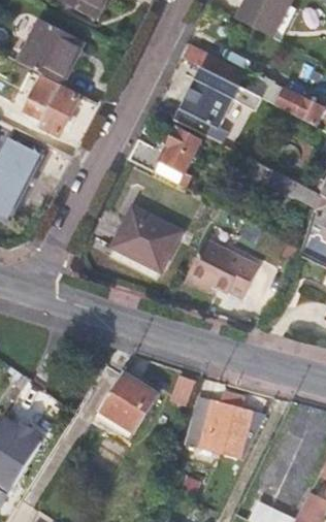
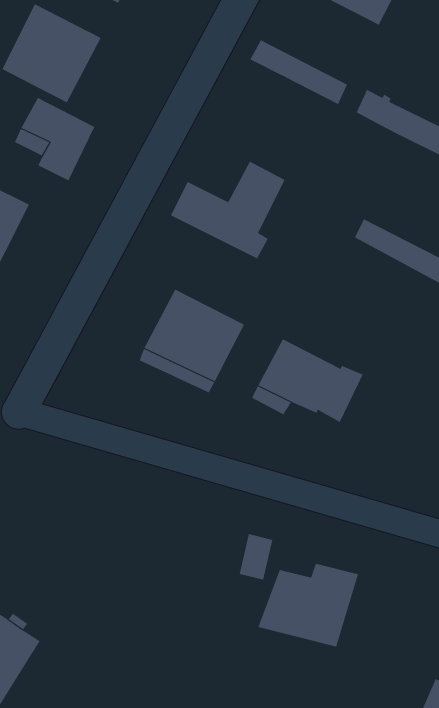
building: [177,68,240,140] -> none
building: [101,371,159,429] -> none
building: [183,407,266,458] -> none

